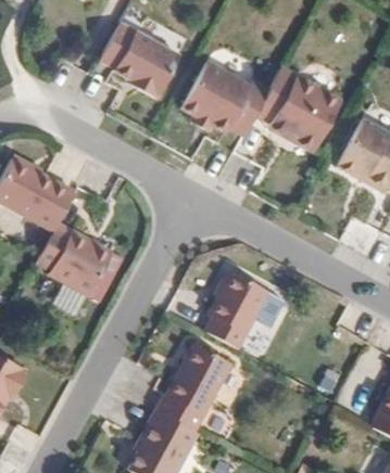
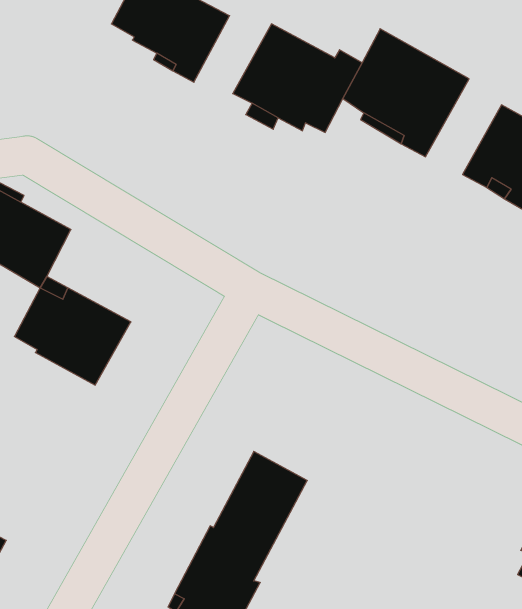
building: [206,260,271,336] -> none

